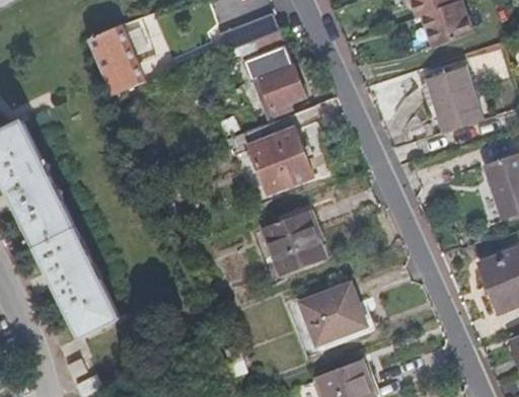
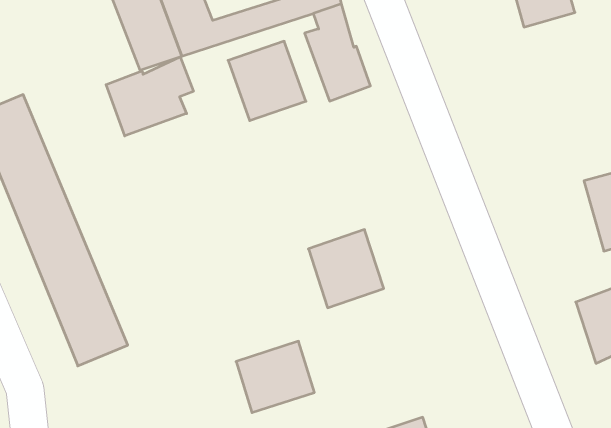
building: [423,65,479,129] -> none
building: none -> [106,57,193,136]
building: [248,129,313,194] -> [228,41,306,121]
building: [301,283,366,342] -> [236,341,314,413]

